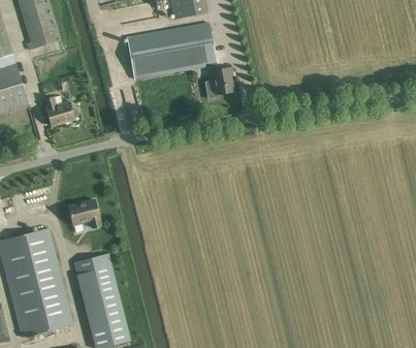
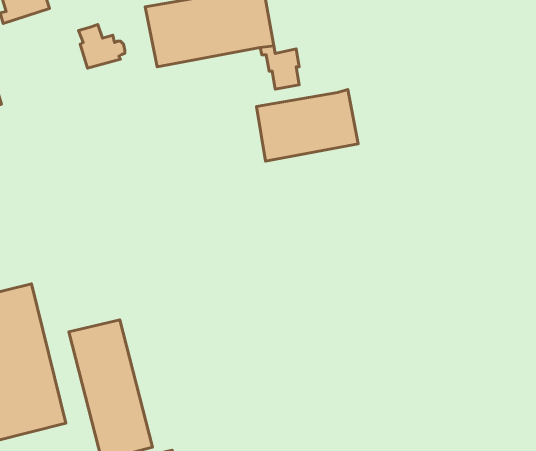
building: none -> [256,90,358,161]
building: [44,95,76,125] -> [79,25,125,68]
building: [67,199,100,231] -> none

